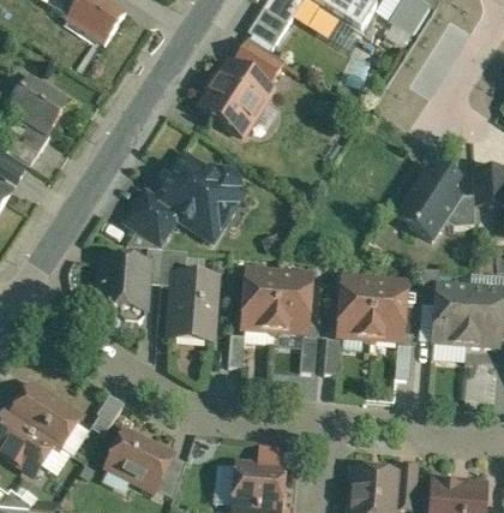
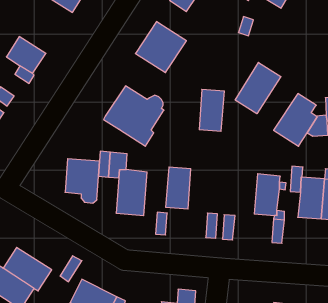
building: [232,37,283,85] -> none
building: none -> [235,62,281,114]
building: [125,190,175,241] -> none
building: [274,272,310,332] -> [199,89,224,131]
building: [337,276,373,336] -> none

